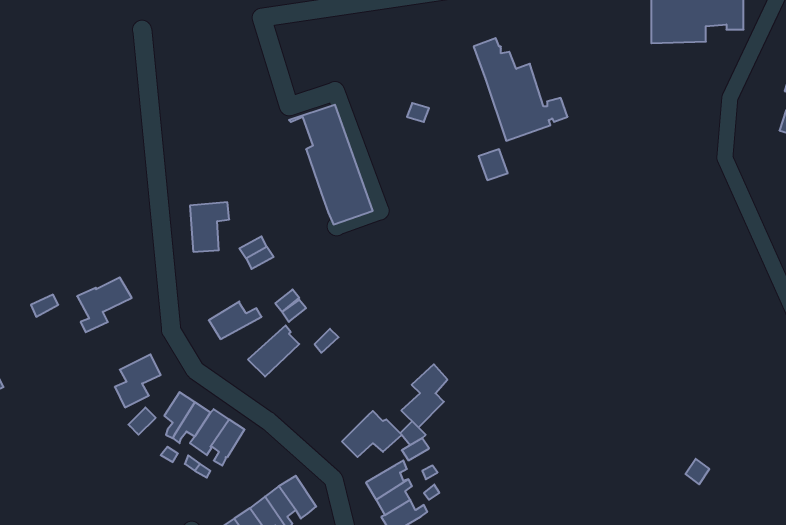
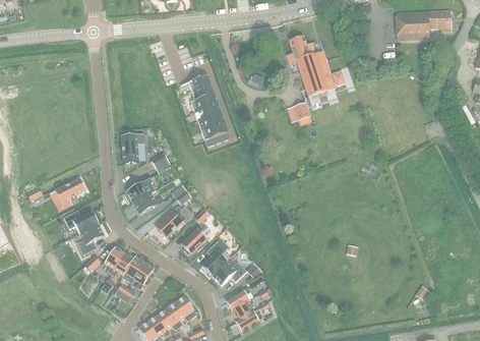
building: none -> [126,177,156,204]
building: none -> [63,211,99,233]
building: none -> [182,224,206,254]
building: [401,364,447,427] -> [201,238,229,276]

